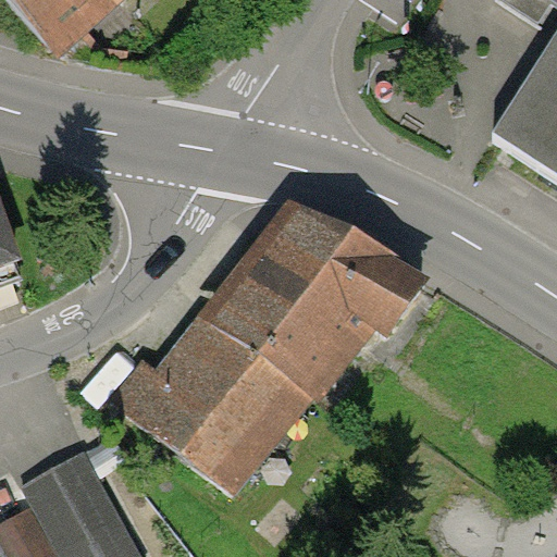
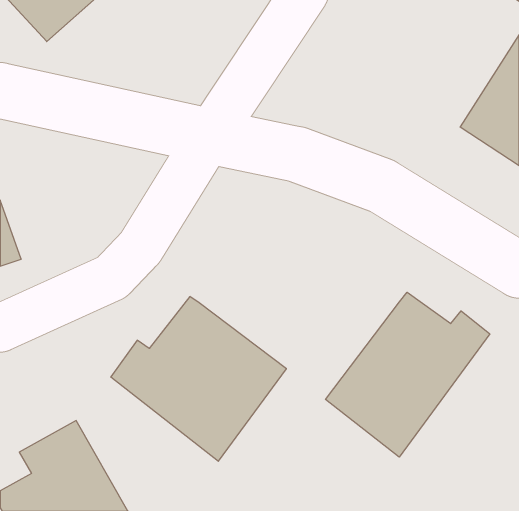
building: [213,218,421,395] -> none
building: none -> [326,292,490,457]

